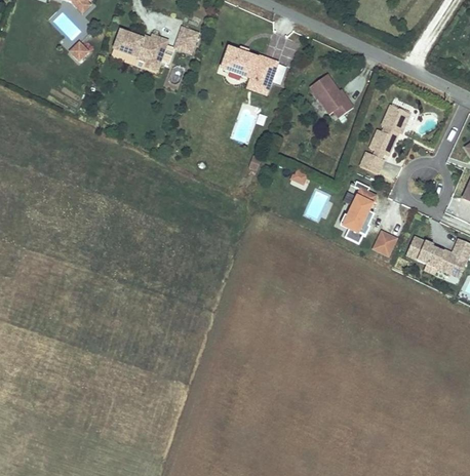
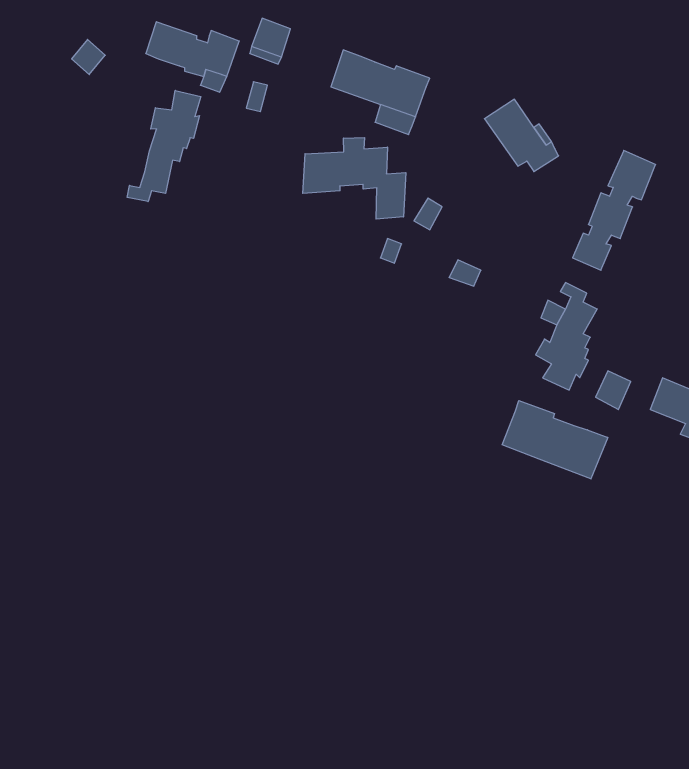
building: none -> [127,90,201,202]
building: none -> [303,138,406,219]
building: none -> [502,401,608,479]

